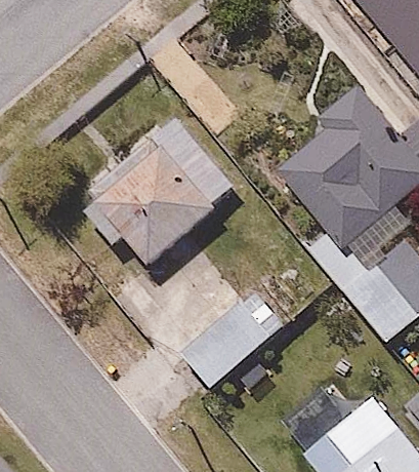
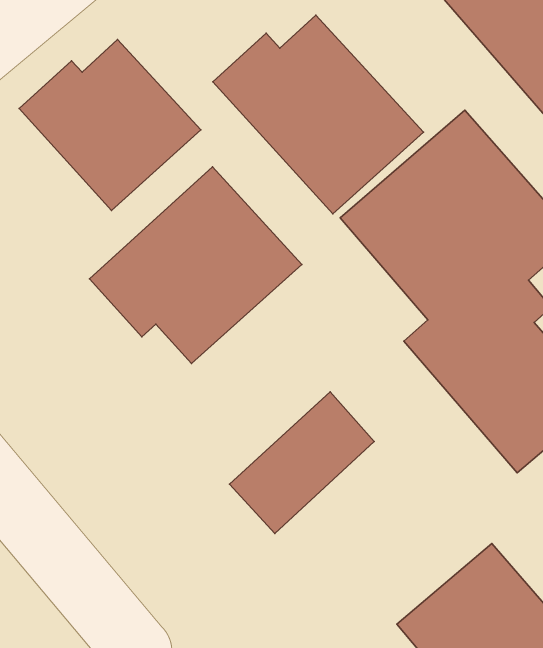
building: none -> [213,15,423,214]
building: none -> [19,40,201,210]

